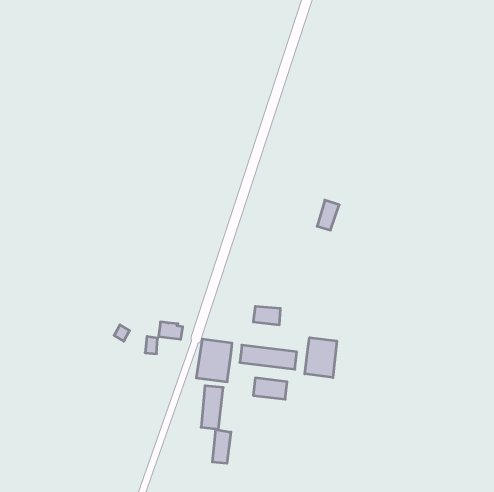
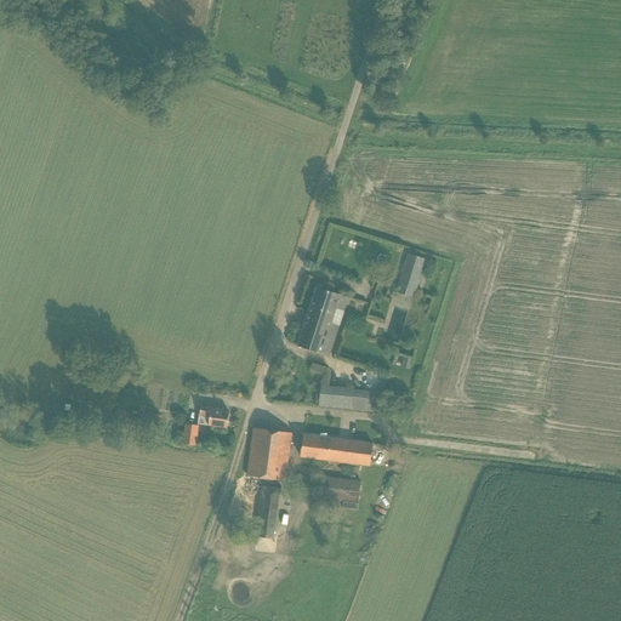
building: none -> [297,285,348,354]
building: [305,338,337,378] -> none
building: [212,429,231,463] -> none

